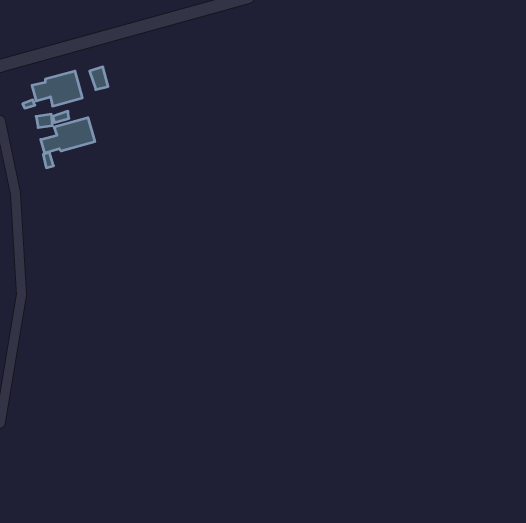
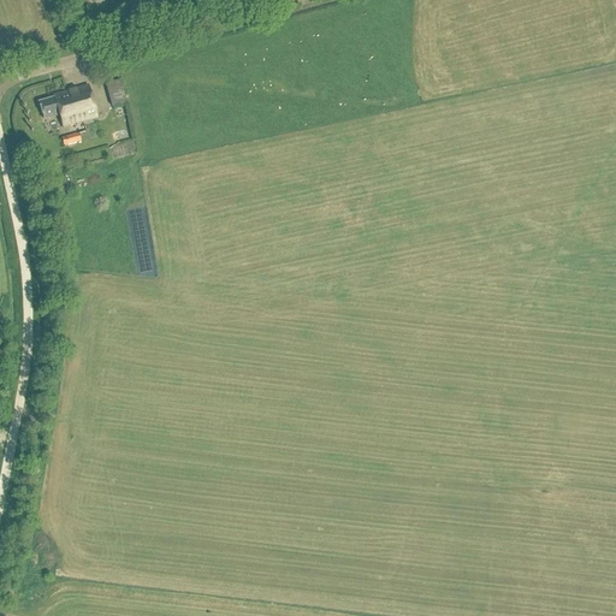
building: [41,118,95,153] -> none

